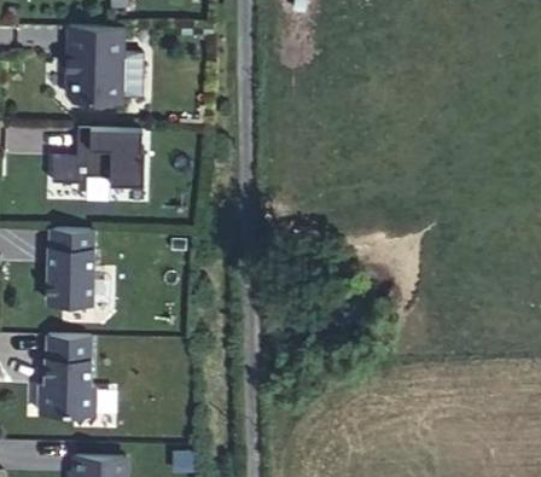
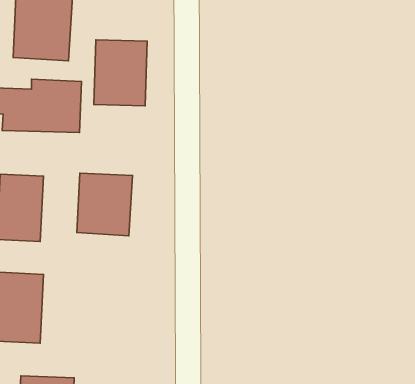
building: none -> [94,40,147,106]
building: none -> [77,173,133,236]

